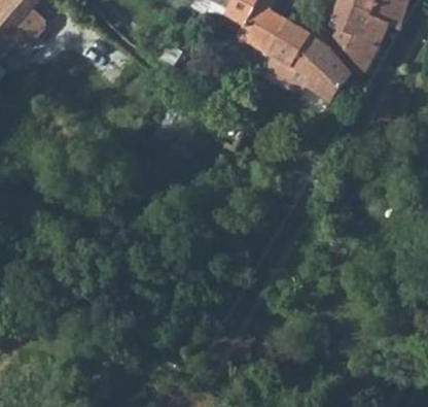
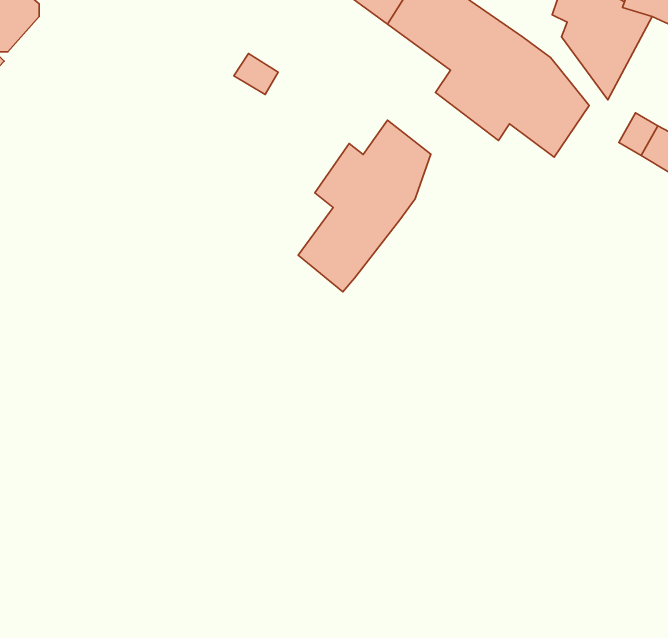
building: none -> [298,120,431,292]

